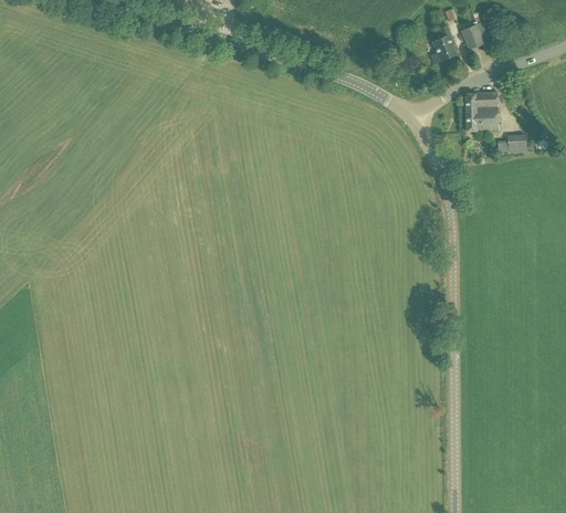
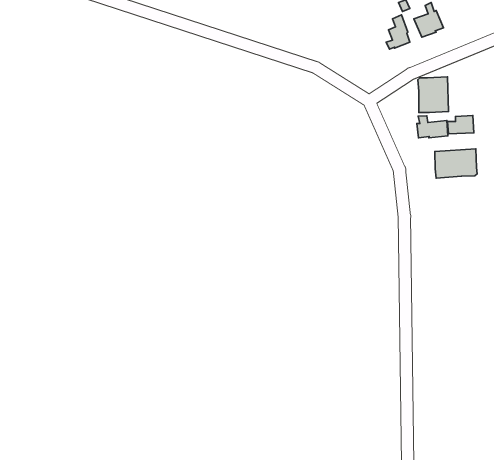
building: none -> [417,116,448,138]
building: none -> [435,149,477,178]

